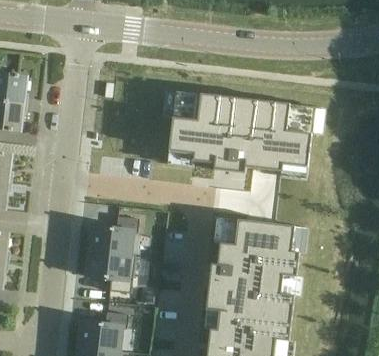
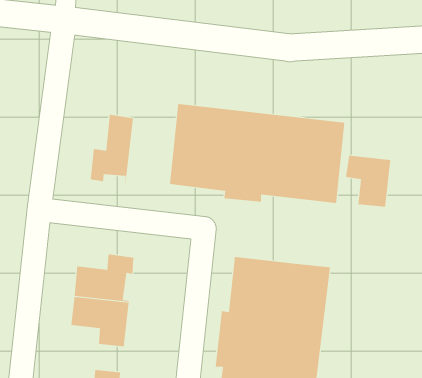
building: none -> [90,114,133,184]
building: none -> [346,155,391,207]

